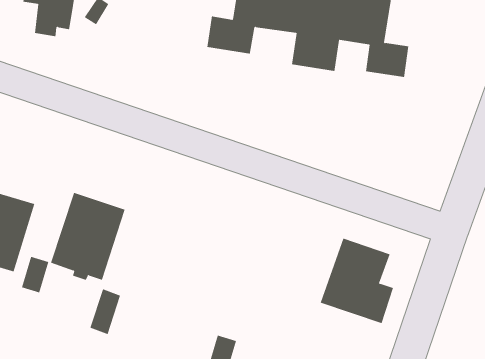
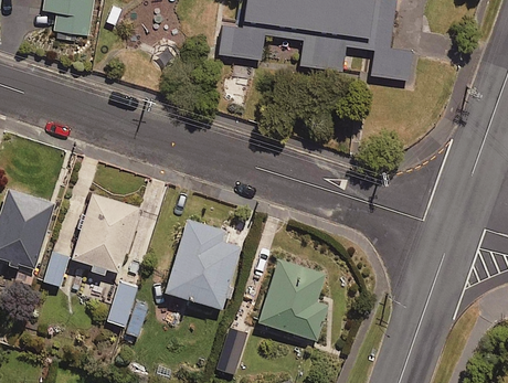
building: none -> [165,217,240,308]
building: [320,238,394,324] -> [257,258,328,340]

